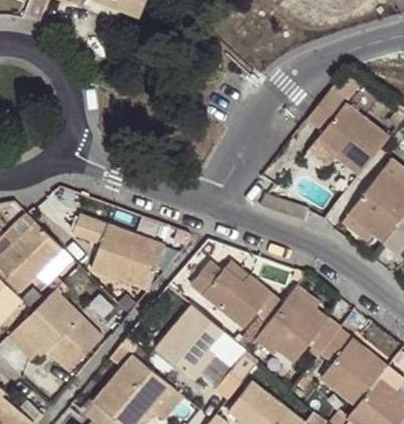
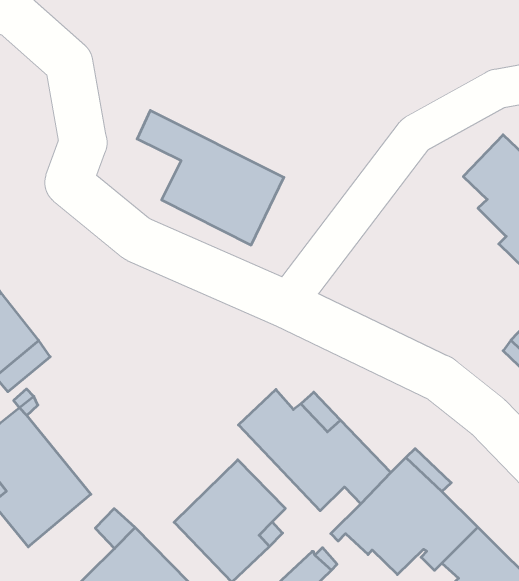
building: [72,214,164,288] -> [137,110,284,245]

